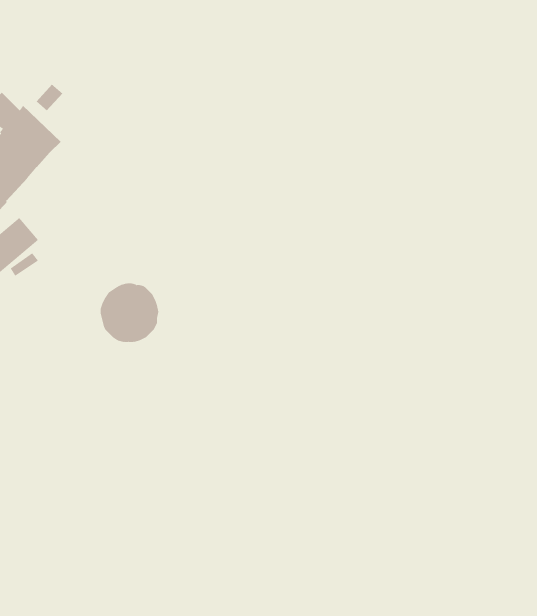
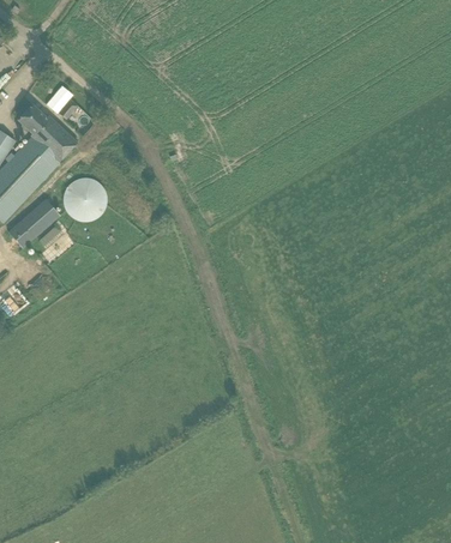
building: [100,283,159,342] -> [62,176,107,221]

